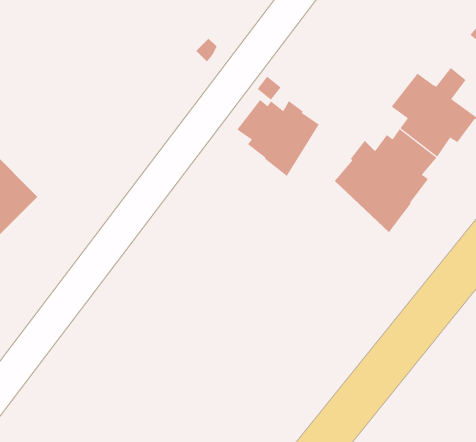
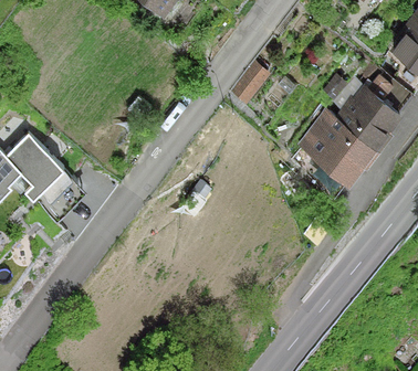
building: [237,99,320,177] -> none

